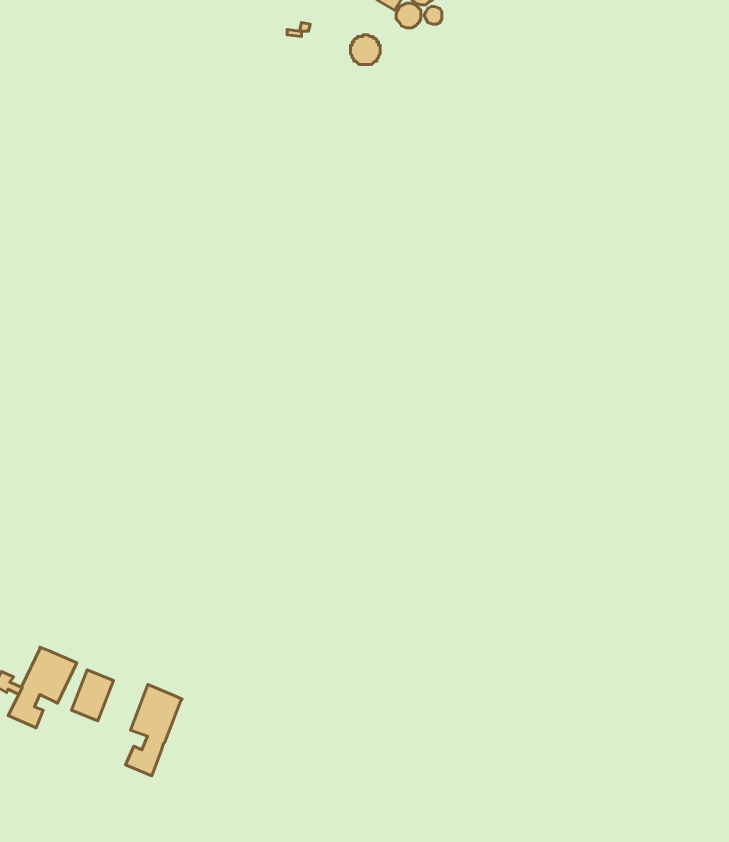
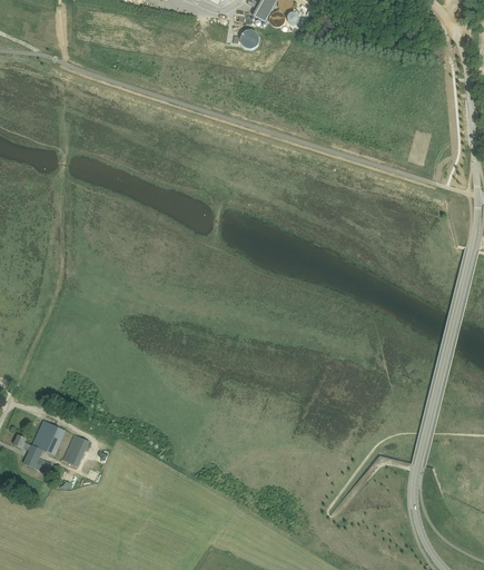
building: [126,684,182,776] -> none

